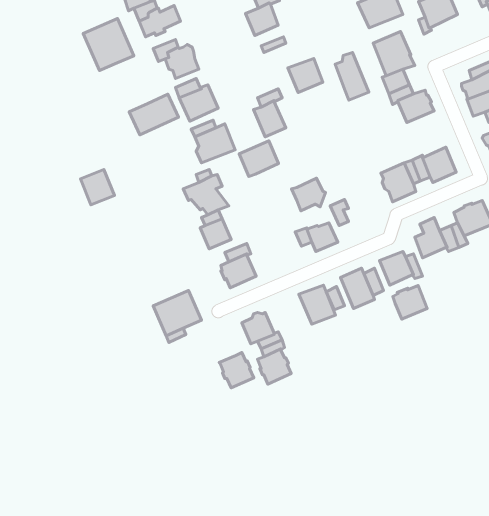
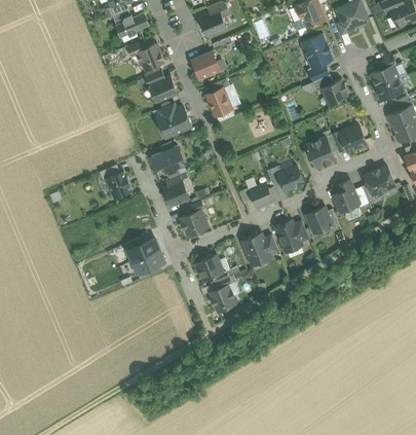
building: [83,19,134,71] -> none
building: [335,53,369,100] -> none
building: [288,59,323,92] -> [191,51,219,78]
building: [129,94,179,135] -> none
building: [239,141,278,177] -> none
building: [81,170,114,205] -> [105,171,131,198]
building: [292,178,325,211] -> [276,166,303,191]
building: [393,285,427,319] -> none
building: [219,352,254,388] -> none

